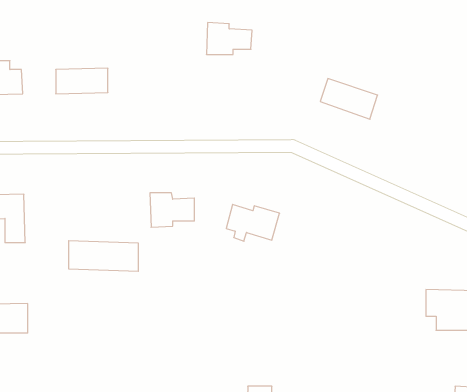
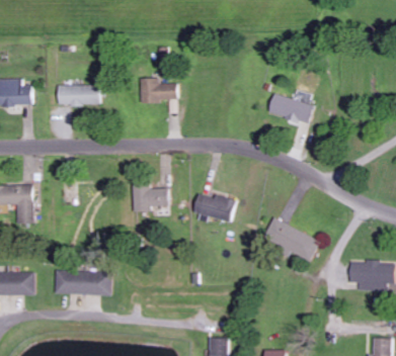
building: [206,23,252,54] -> [140,78,176,103]
building: none -> [264,219,320,260]
building: [69,241,138,271] -> [55,271,110,295]

